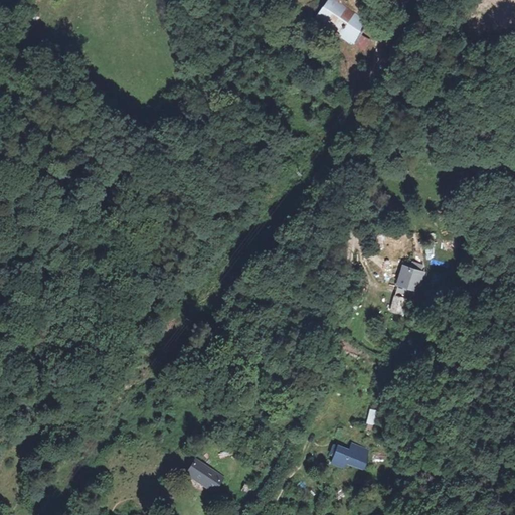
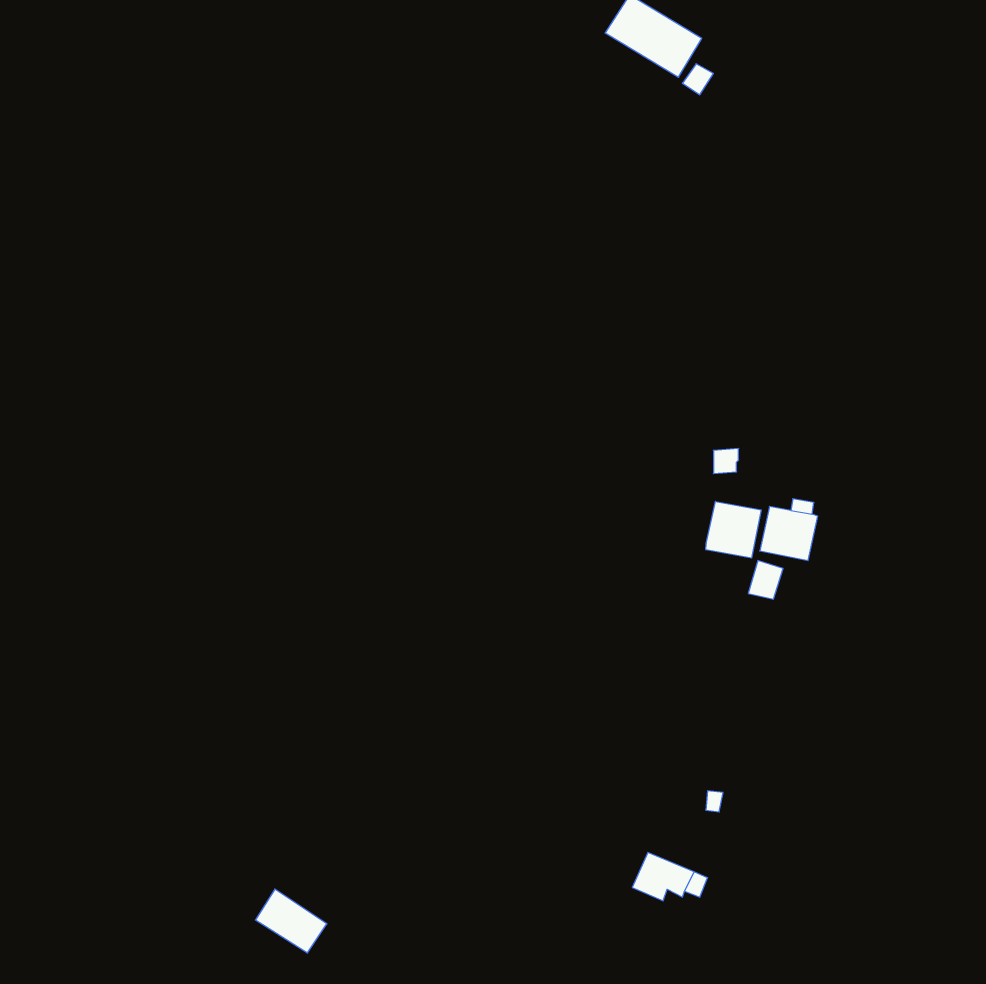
building: none -> [706,501,761,558]
building: [185,458,222,491] -> [255,889,327,953]

